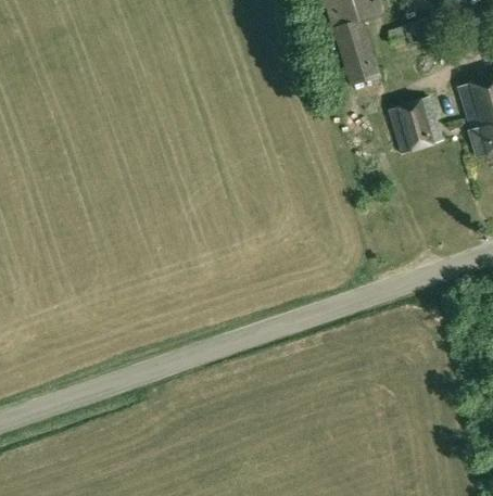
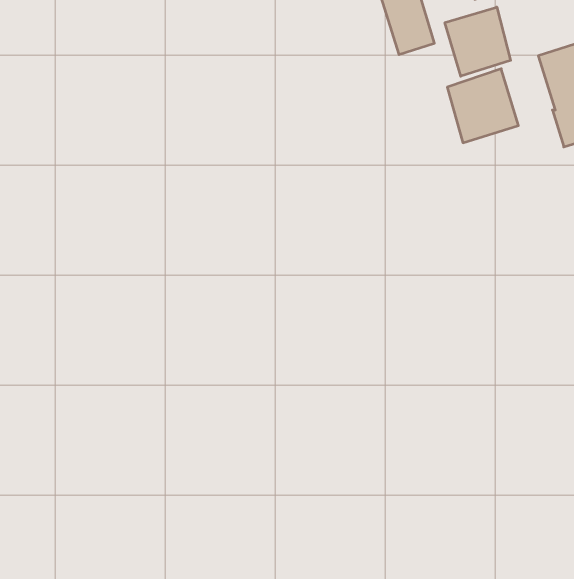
building: none -> [445,7,511,76]

